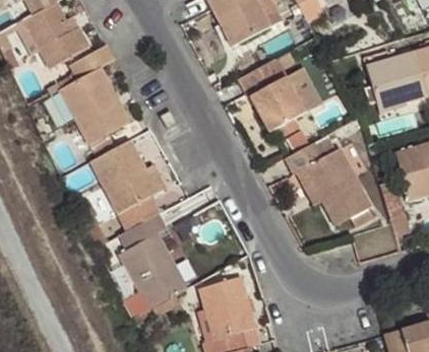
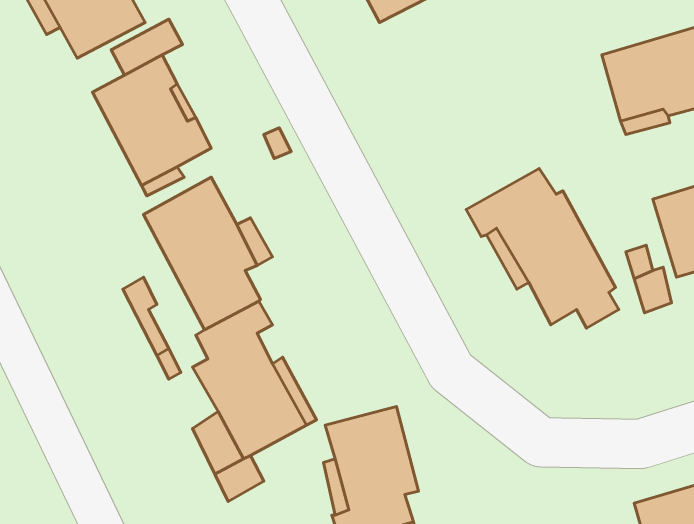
building: [239,49,322,133] -> none

